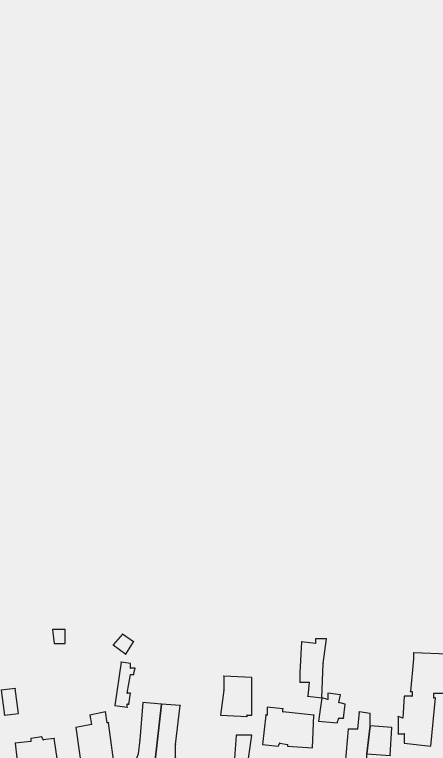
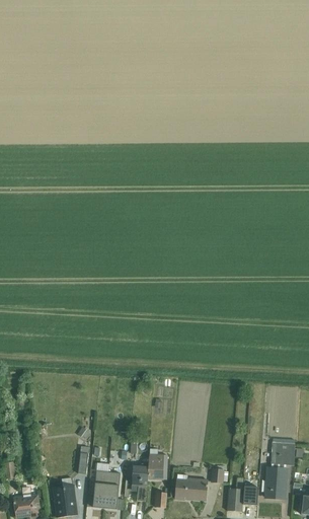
building: [300,639,326,698] -> [132,463,149,502]

